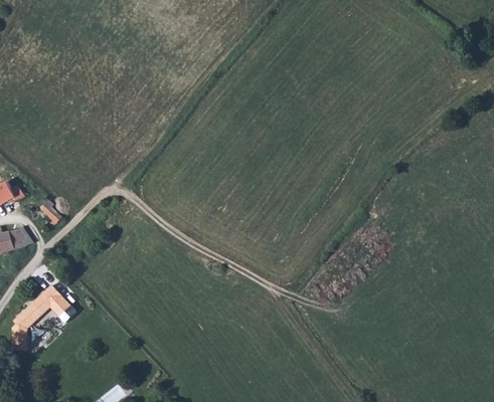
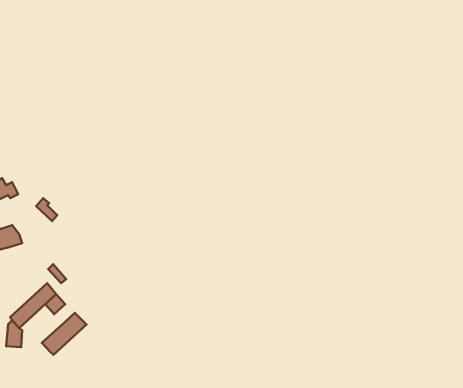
building: none -> [42,313,87,355]

